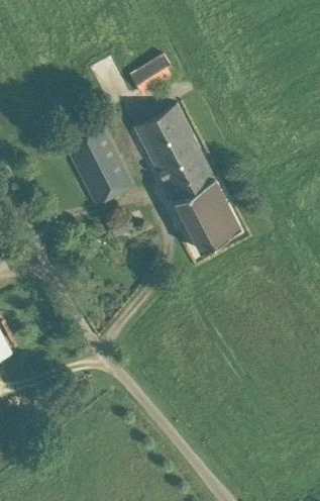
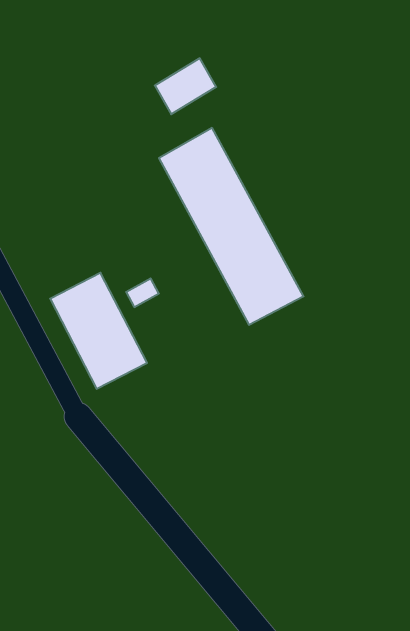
building: [61,117,132,203] -> [50,273,147,389]

